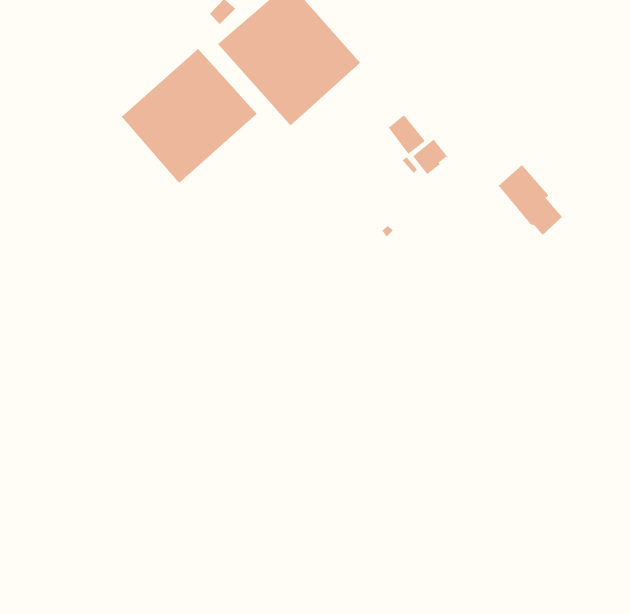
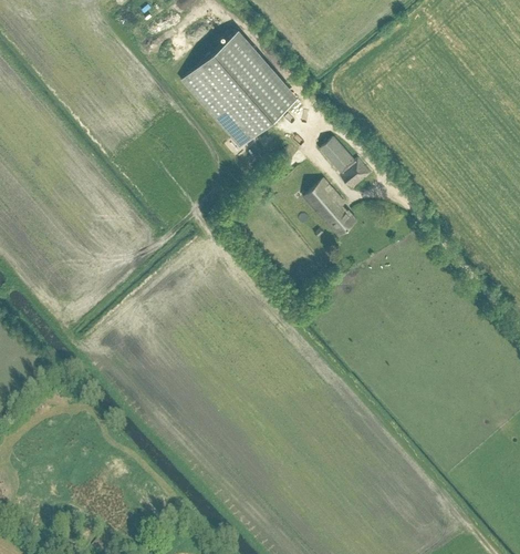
building: [121,48,258,184] -> none
building: [498,164,563,236] -> [303,178,356,237]

